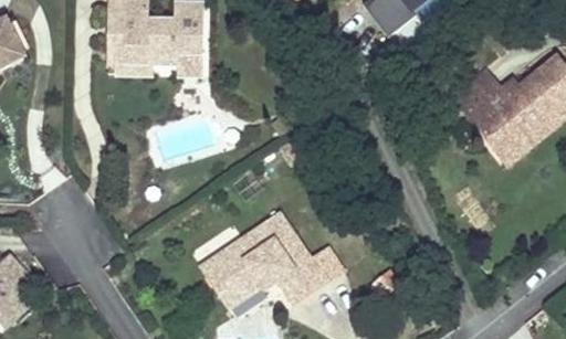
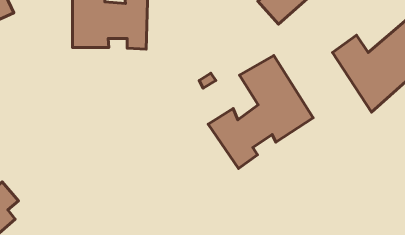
building: none -> [208,55,313,168]
building: [201,211,347,314] -> none

